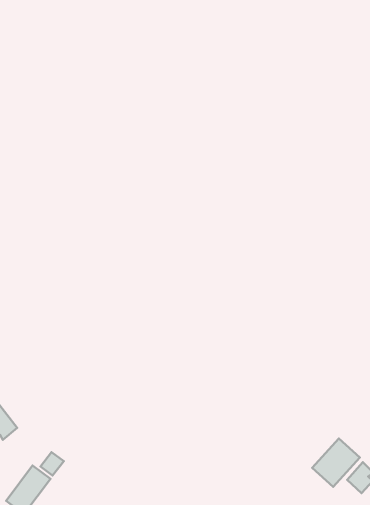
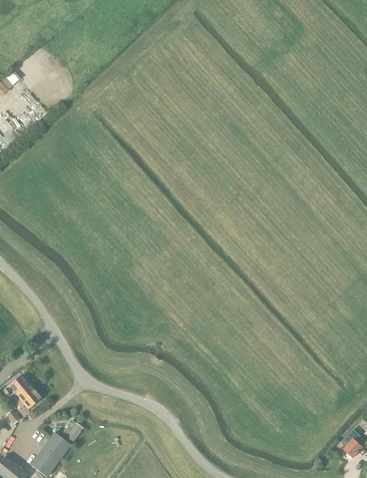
building: [312,438,360,487] -> none

